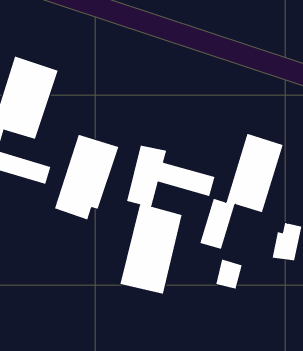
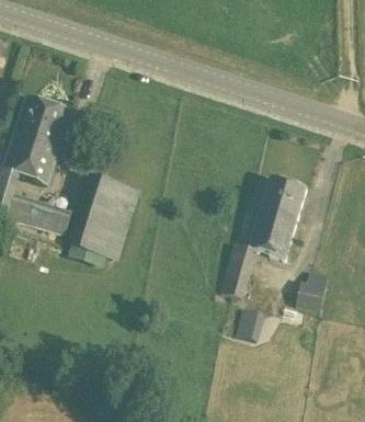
building: [120,145,215,295] -> none

